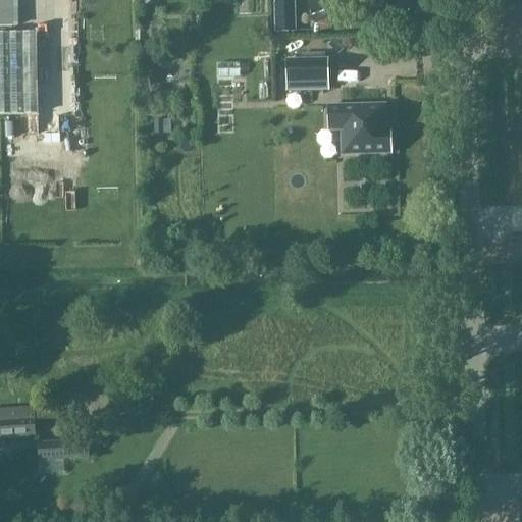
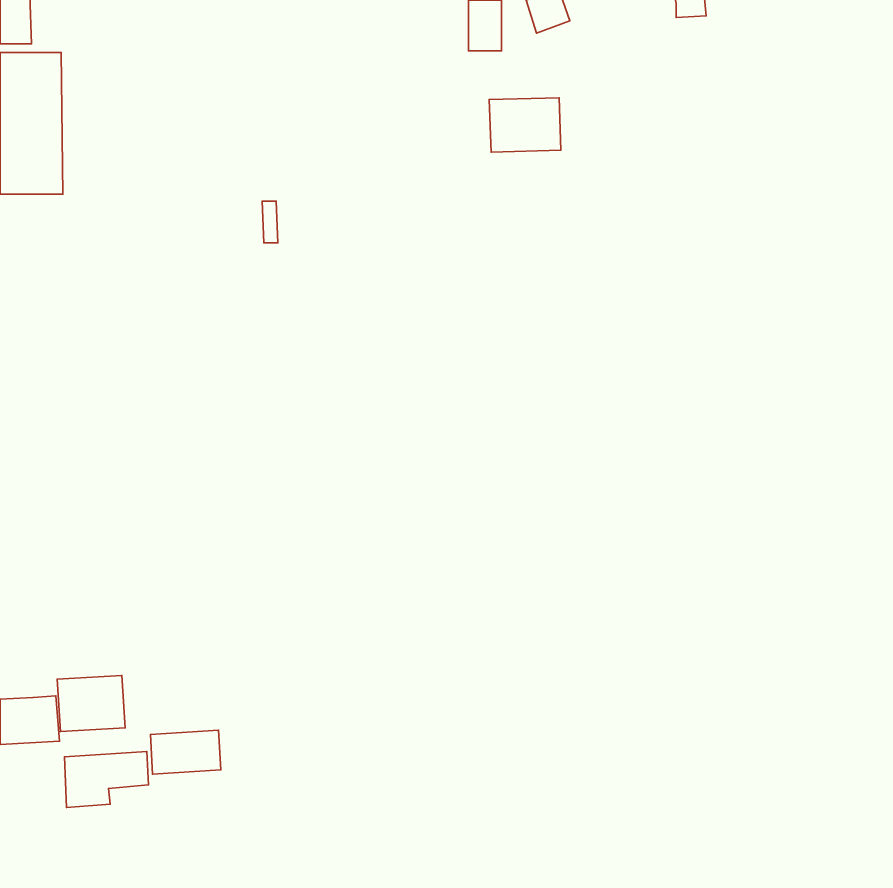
building: [327,103,390,153] -> none
building: none -> [57,675,125,732]
building: none -> [150,730,221,774]

